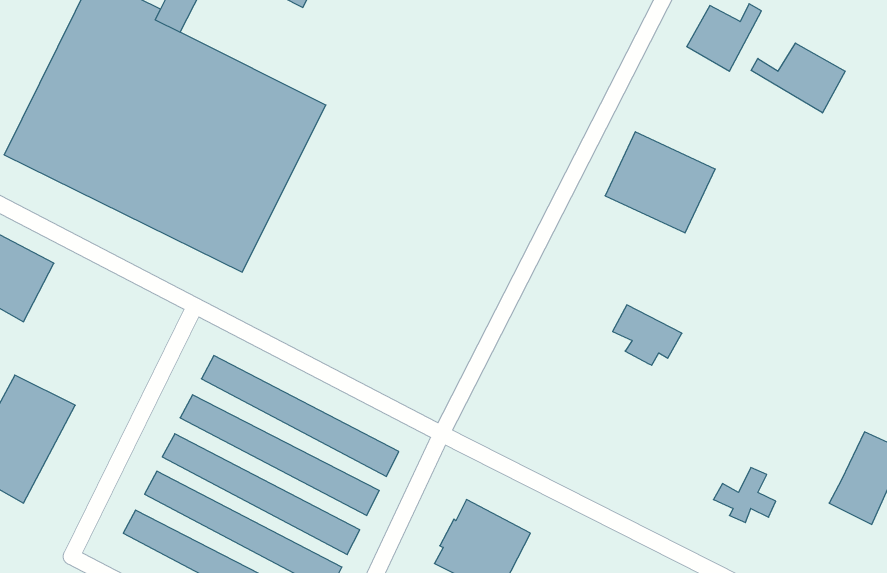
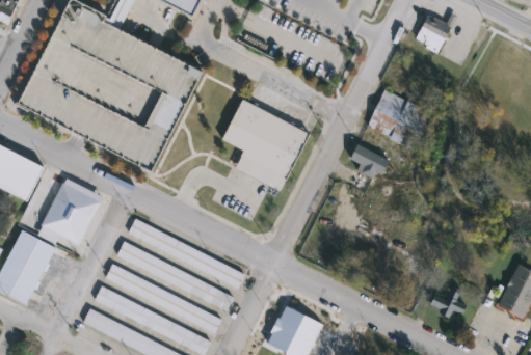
building: [751,43,845,113] -> none
building: none -> [222,98,310,189]
building: none -> [36,178,106,247]
building: [613,305,682,365] -> [349,144,390,180]

